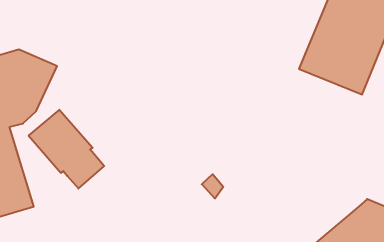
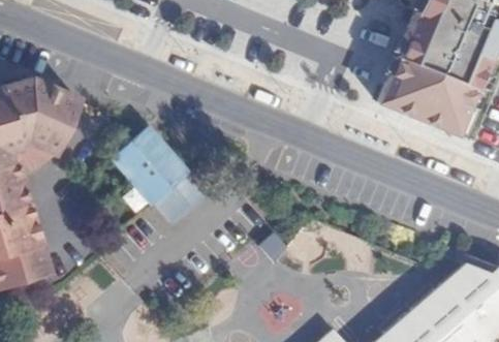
building: [29,110,104,189] -> [110,128,204,226]

